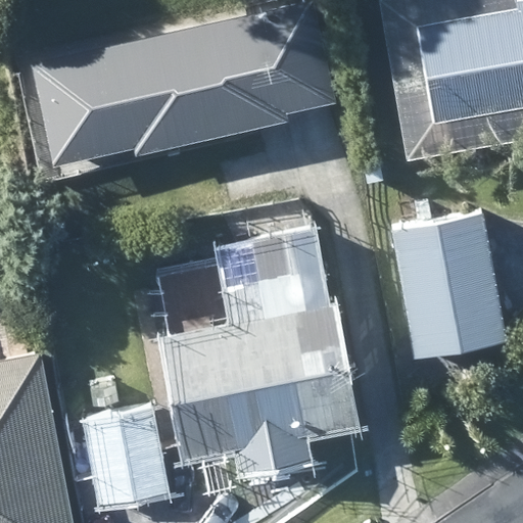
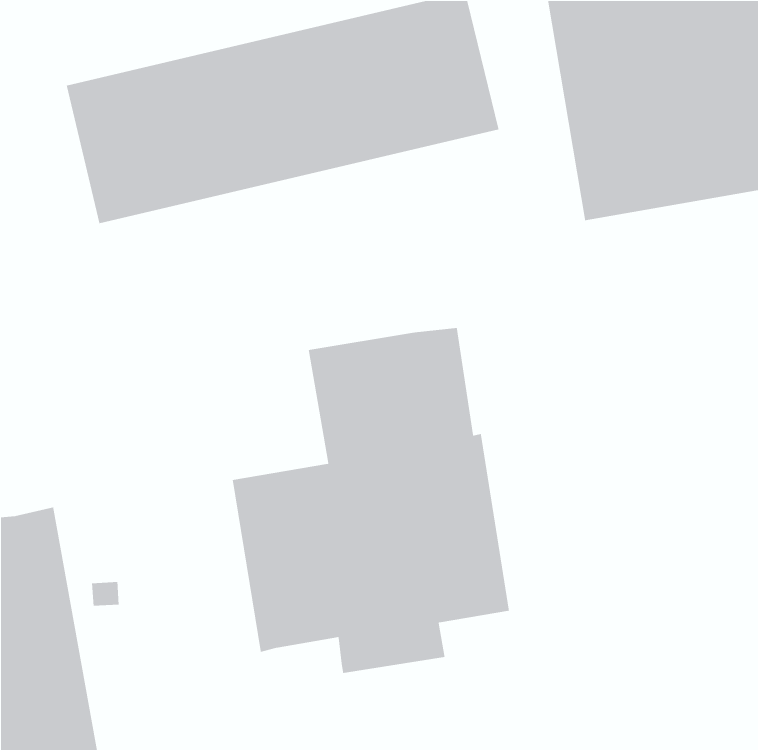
building: [387,212,507,362] -> none
building: [87,413,169,511] -> none

